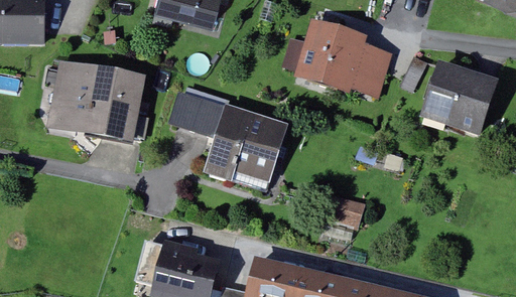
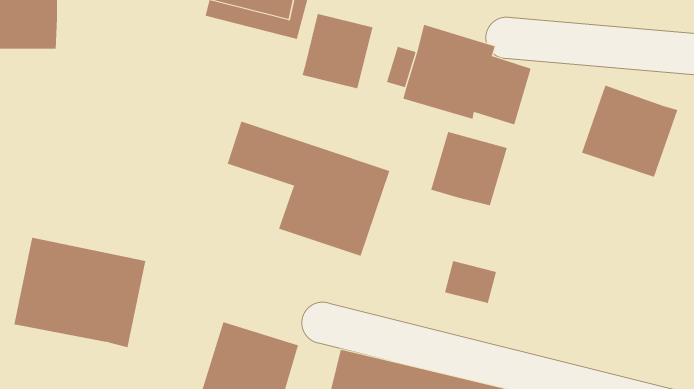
building: none -> [302,13,373,89]
building: [48,60,145,141] -> [13,237,146,348]
building: none -> [431,131,507,206]

